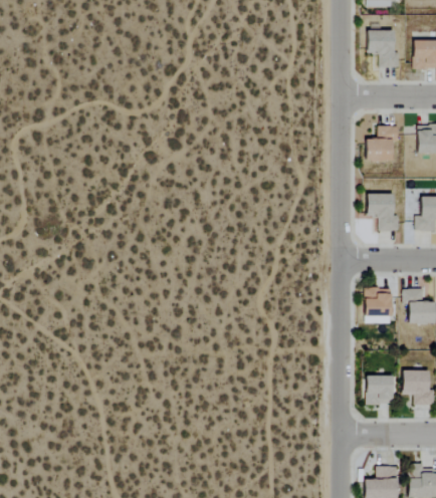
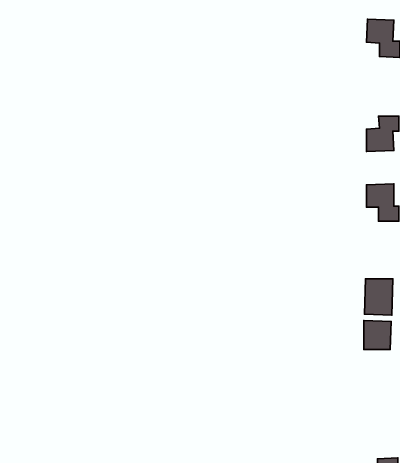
building: [367,376,394,405] -> [364,320,391,350]

